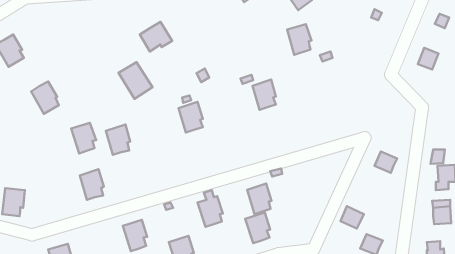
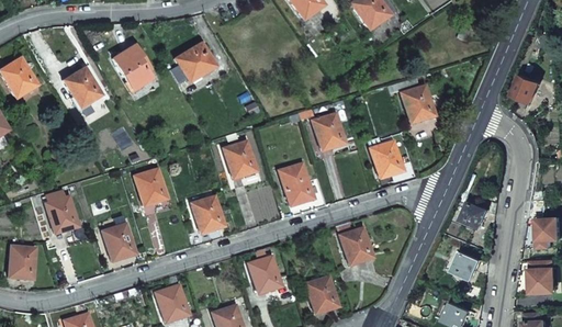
building: [287,24,311,55] -> [401,86,430,123]
building: [118,62,153,99] -> [112,45,154,90]
building: [31,82,59,114] -> [64,68,98,108]
building: none -> [367,138,398,177]
building: none -> [279,162,310,205]
building: [71,123,96,154] -> [45,196,76,234]
building: none -> [191,195,221,233]
building: [247,184,271,214] -> [338,227,368,264]
building: [341,206,364,229] -> [454,250,483,278]

